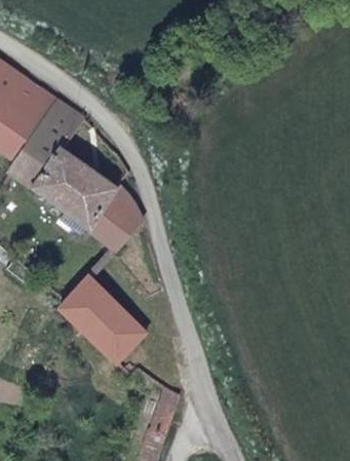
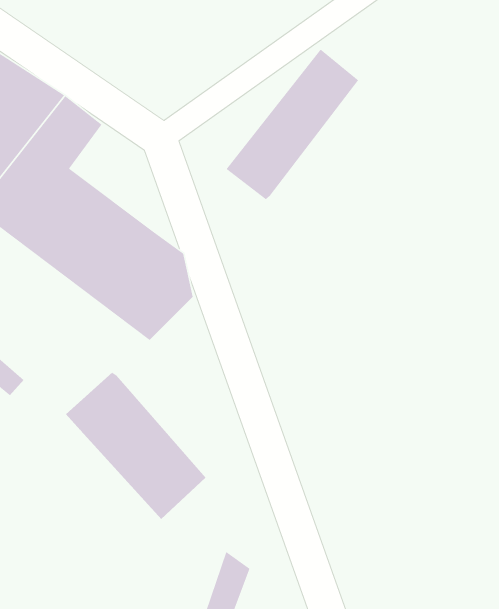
building: none -> [226,48,359,200]

